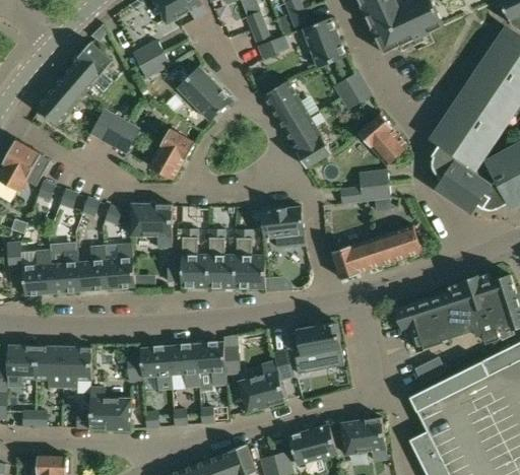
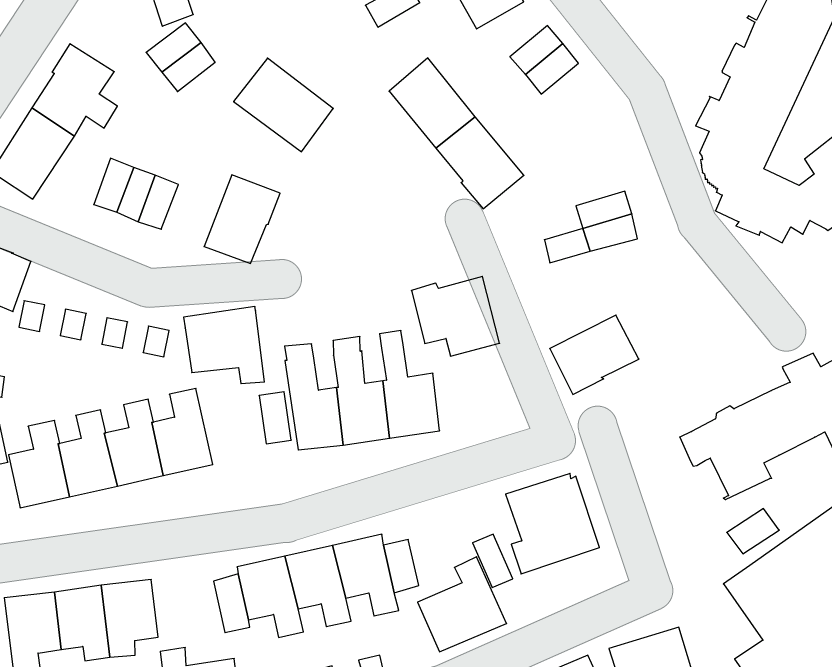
building: [358,113,407,164] -> none
building: [372,224,421,264] -> none

